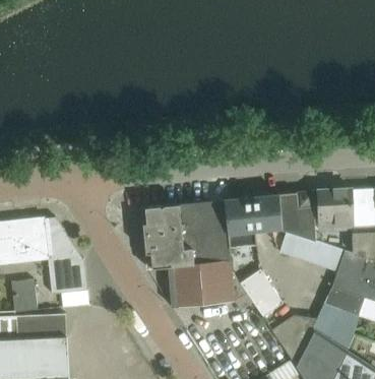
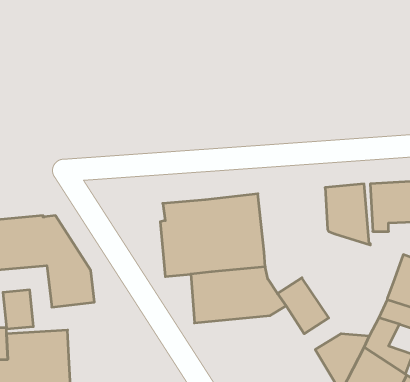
building: [224,195,282,249] -> none
building: [280,234,345,271] -> none

